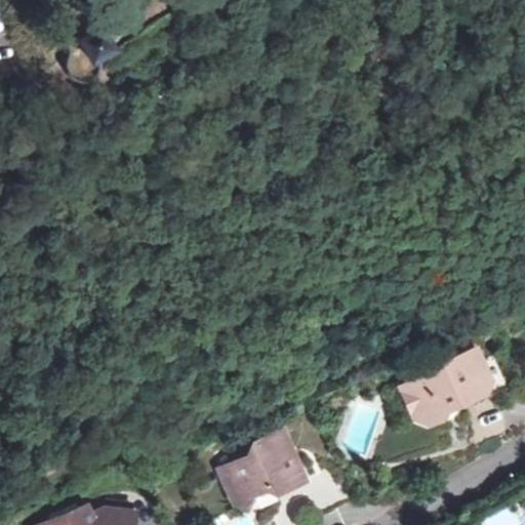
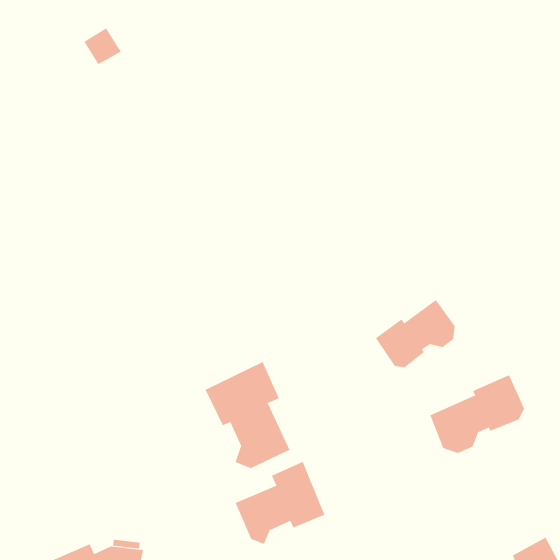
building: none -> [375,299,455,368]
building: none -> [205,361,290,469]

